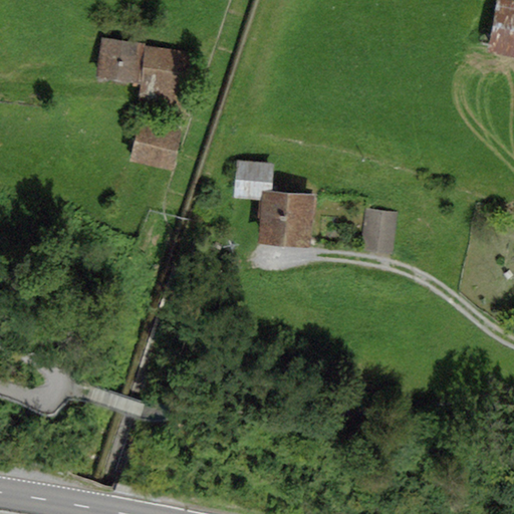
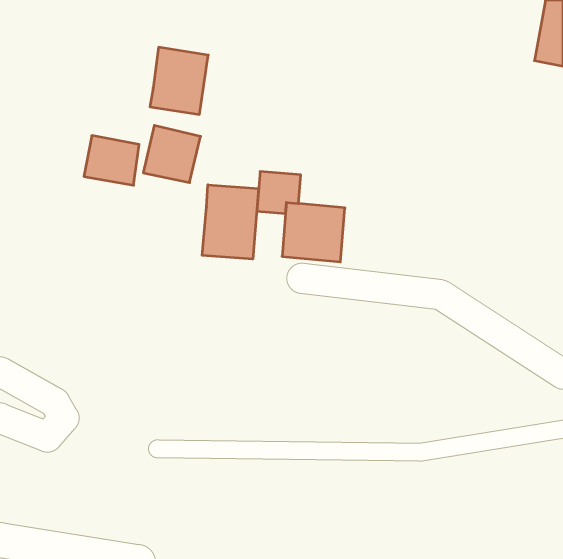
building: [94,38,145,83] -> [84,136,139,185]
building: none -> [202,185,259,259]
building: [362,212,397,255] -> none

